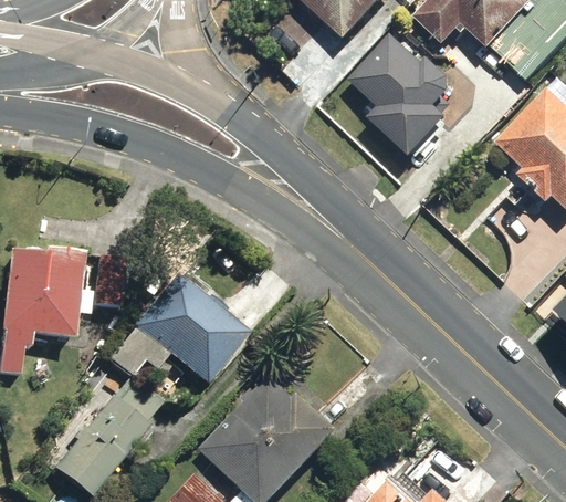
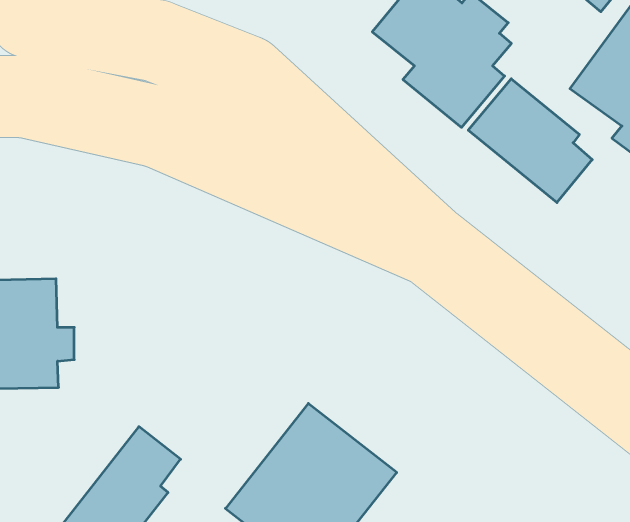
building: none -> [468,79,592,203]
building: [109,266,245,386] -> none

